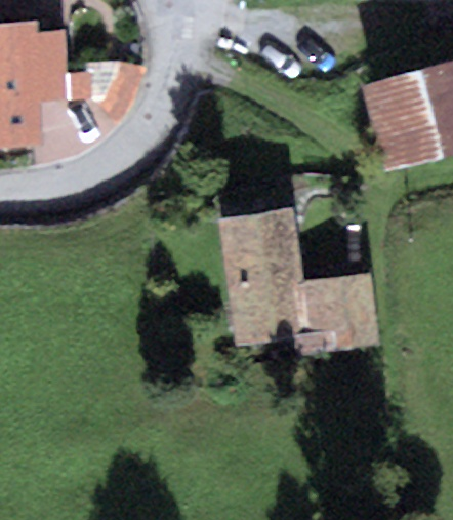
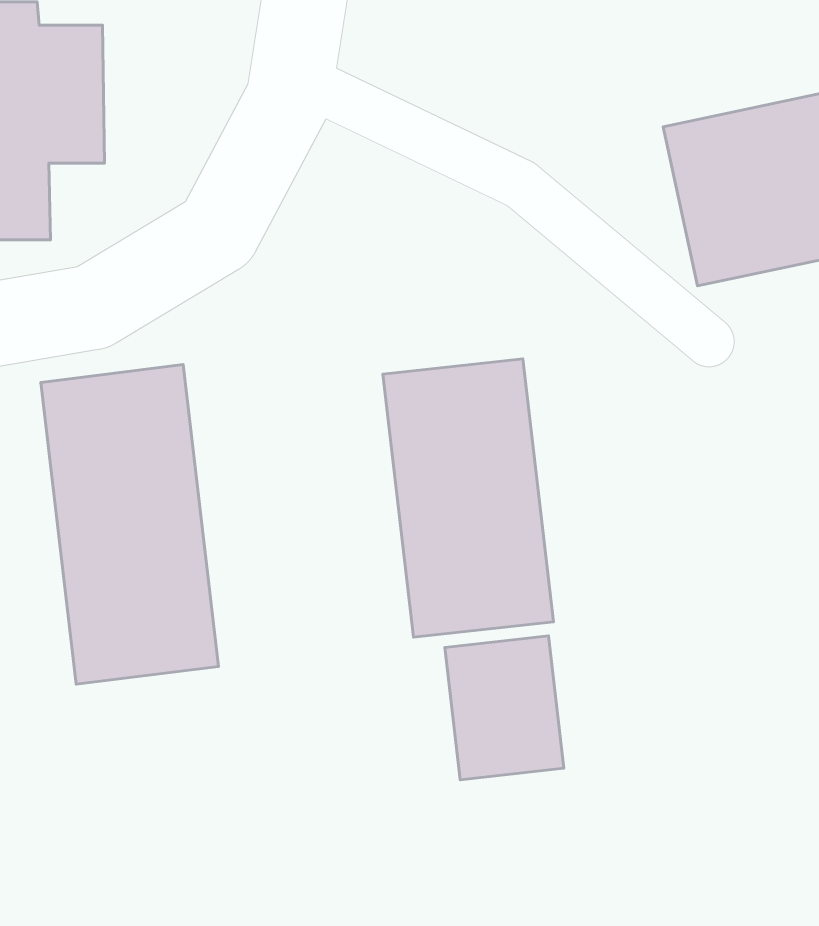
building: none -> [41,365,218,684]
building: [310,274,373,351] -> [445,636,564,780]

